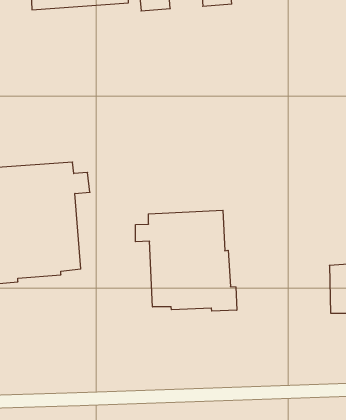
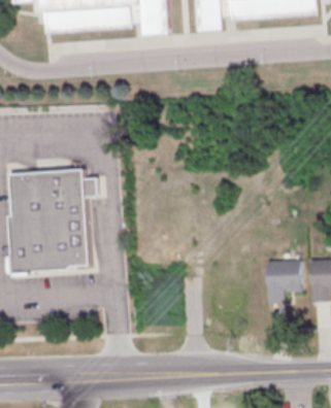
building: [136,210,237,311] -> none
building: none -> [265,261,299,304]

